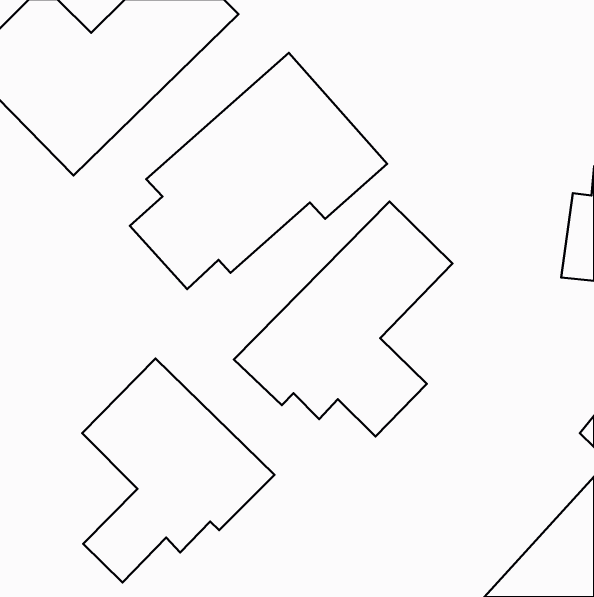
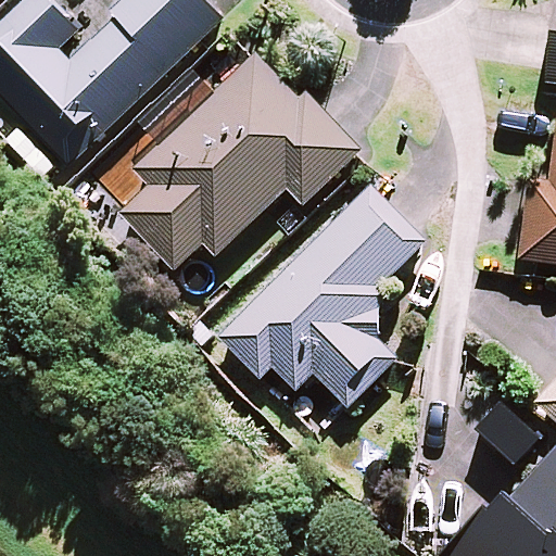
building: [82,359,274,583] -> none

